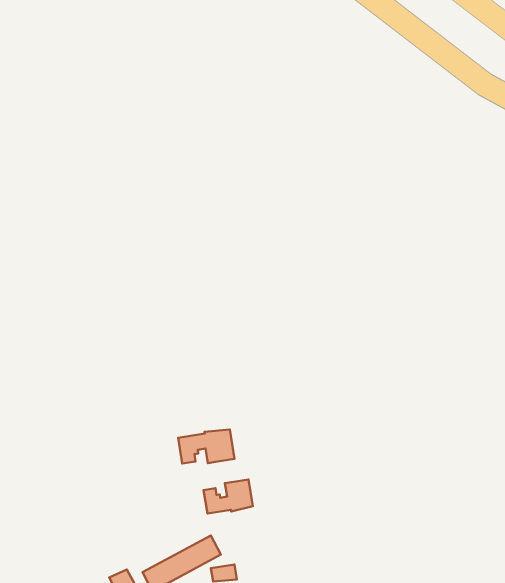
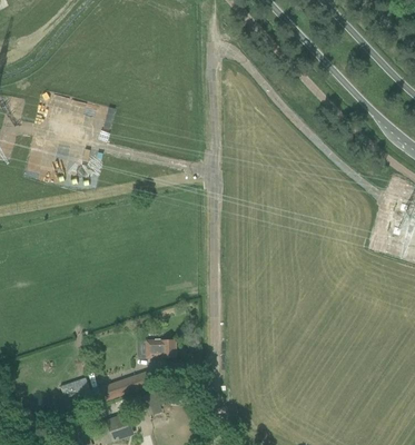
building: [178,429,235,464] -> none

